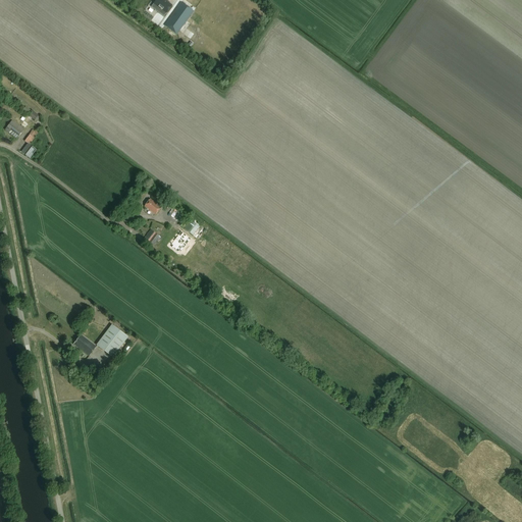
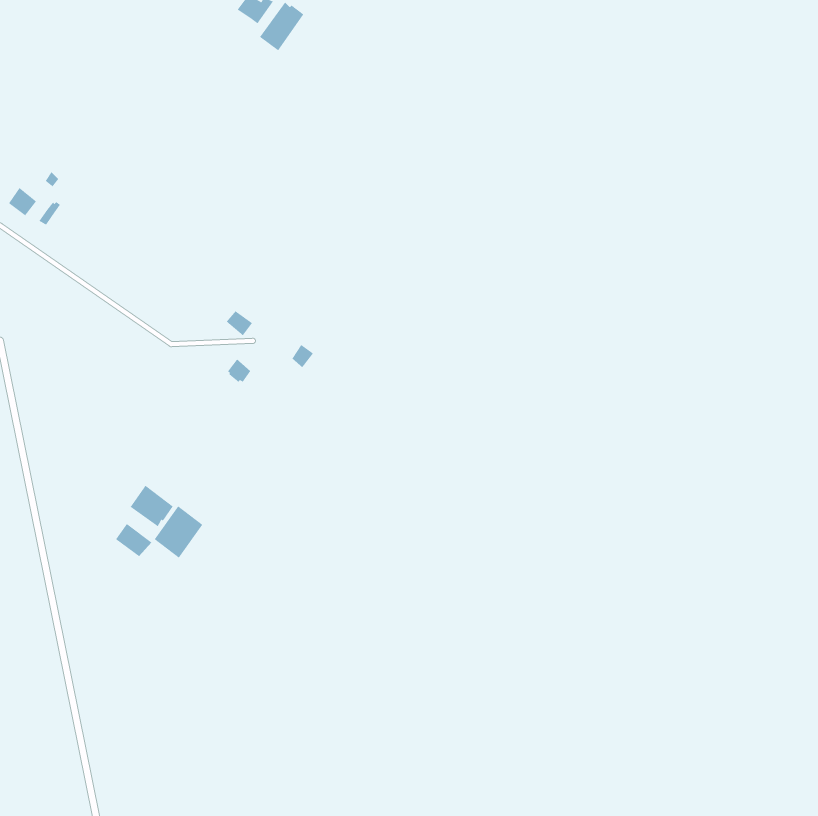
building: none -> [130,485,174,527]

